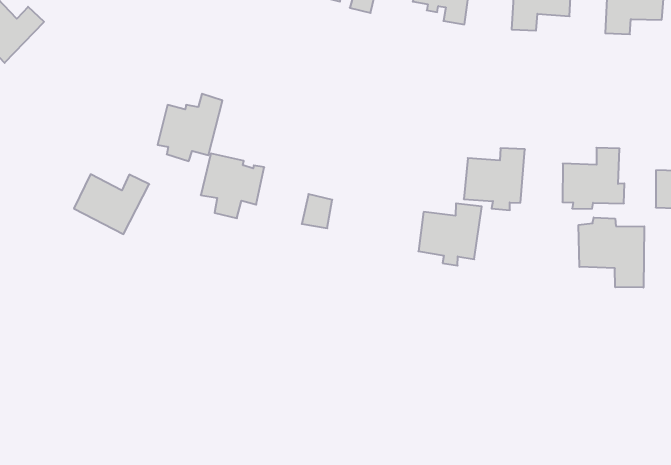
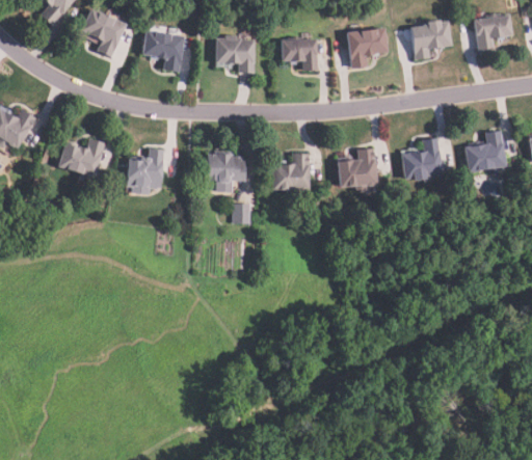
building: [201,153,264,218] -> [206,152,245,192]
building: [74,174,149,234] -> [58,138,106,179]
building: [418,203,482,266] -> [271,153,311,195]
building: [579,217,644,288] -> none

